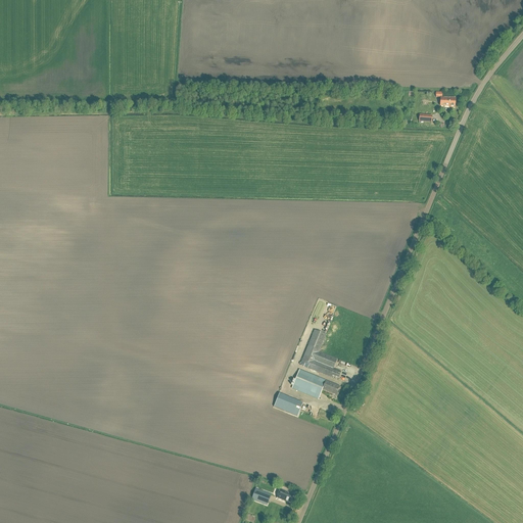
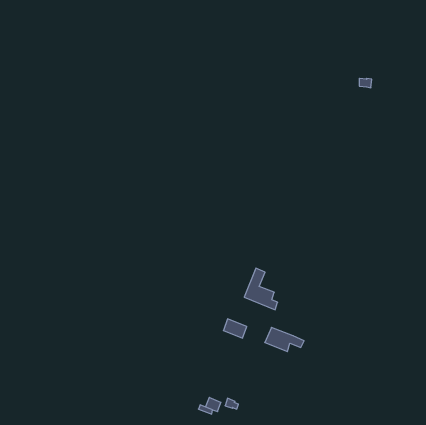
building: [291,369,339,398] -> [265,327,304,352]

